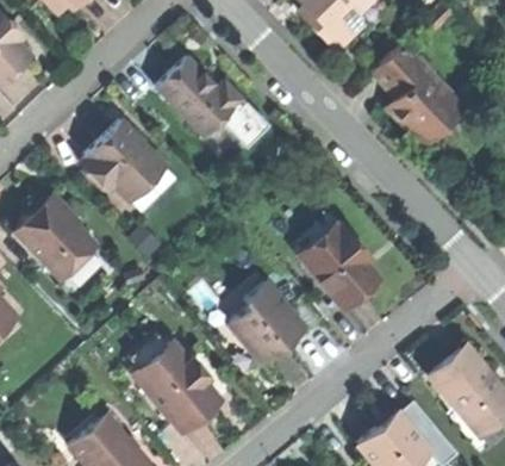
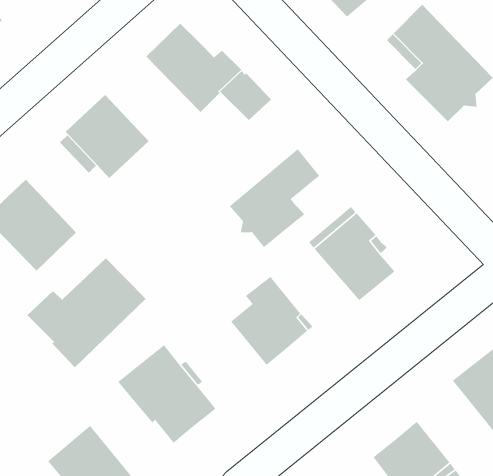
building: none -> [229,148,320,248]
building: none -> [27,257,147,368]

